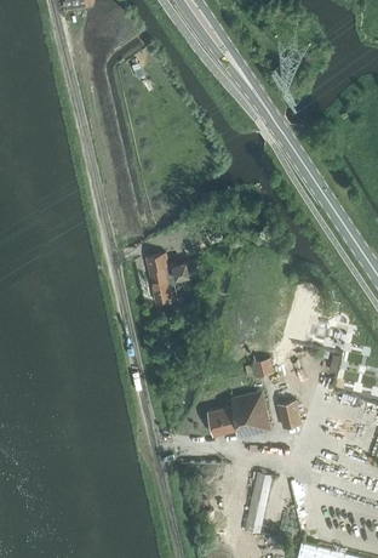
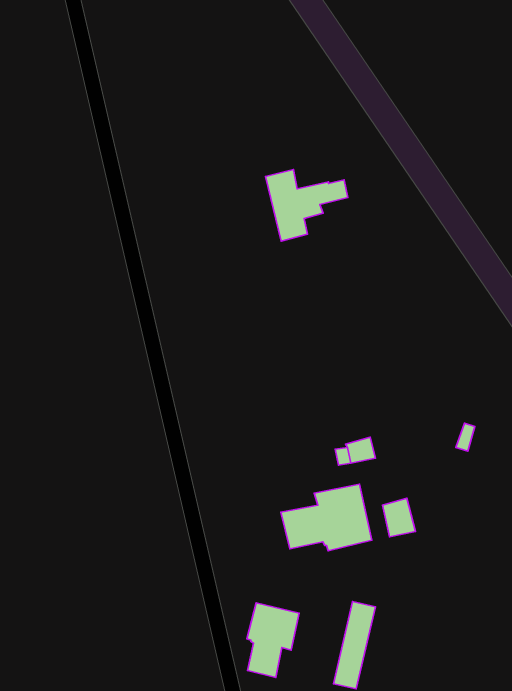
building: [143,255,200,304] -> [266,169,348,241]
building: none -> [247,603,299,678]

